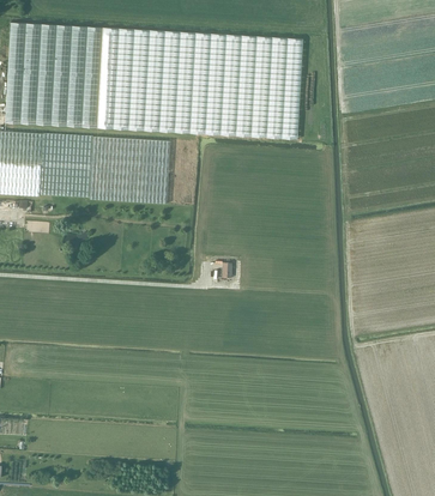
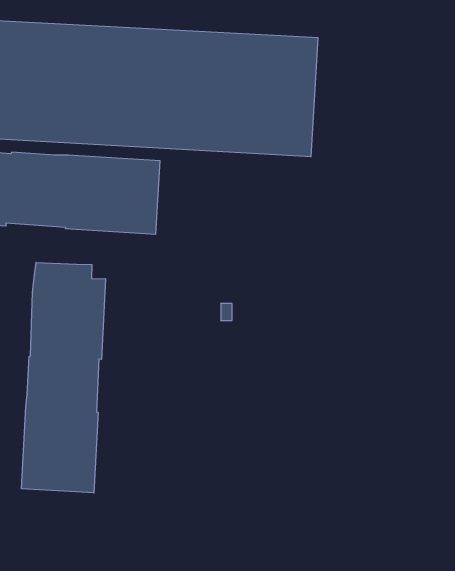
building: none -> [22,262,106,493]

